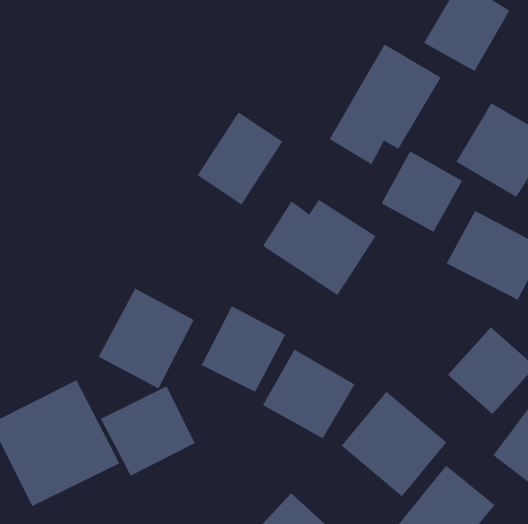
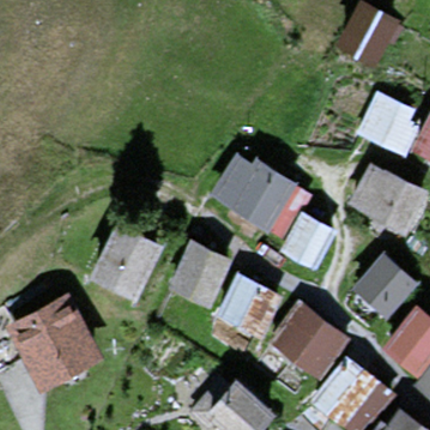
building: [329,44,442,165] -> none
building: [197,111,283,206] -> none
building: [381,150,463,233] -> [275,210,337,271]
building: [100,386,196,476] -> none

